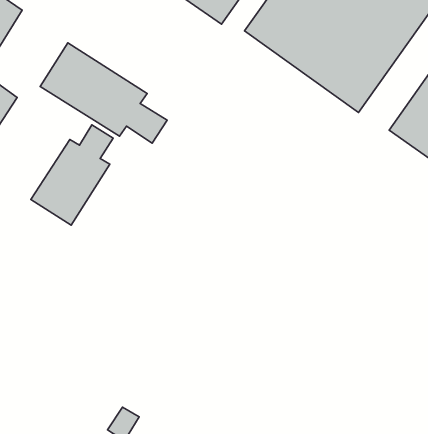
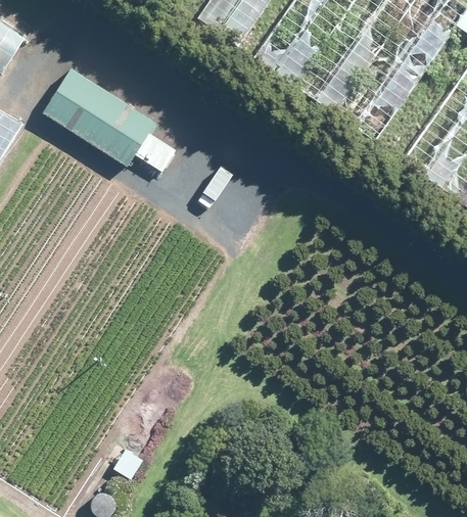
building: [31,125,113,225] -> none

